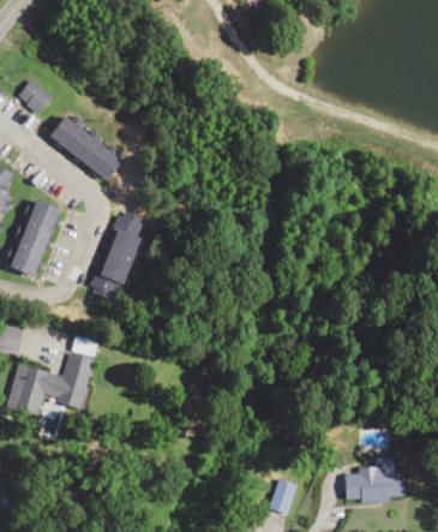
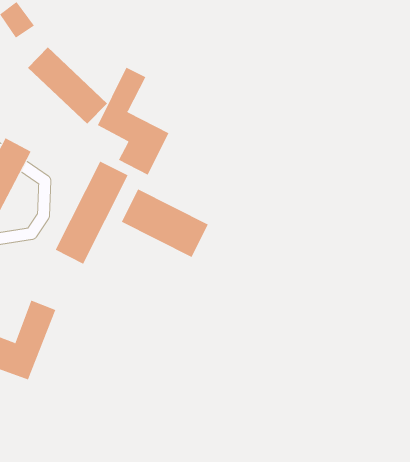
building: none -> [97,67,169,176]
building: none -> [121,188,208,258]

